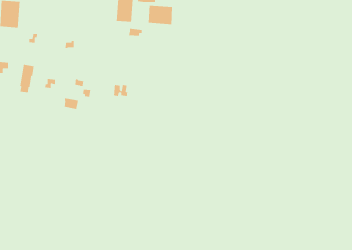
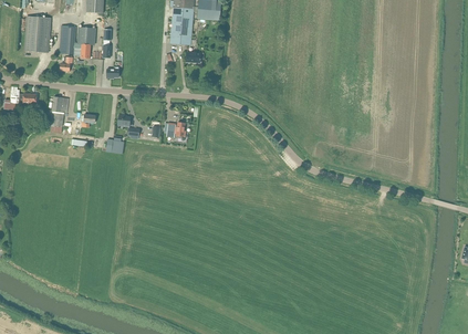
building: [148,5,173,25] -> none
building: none -> [60,25,96,59]

